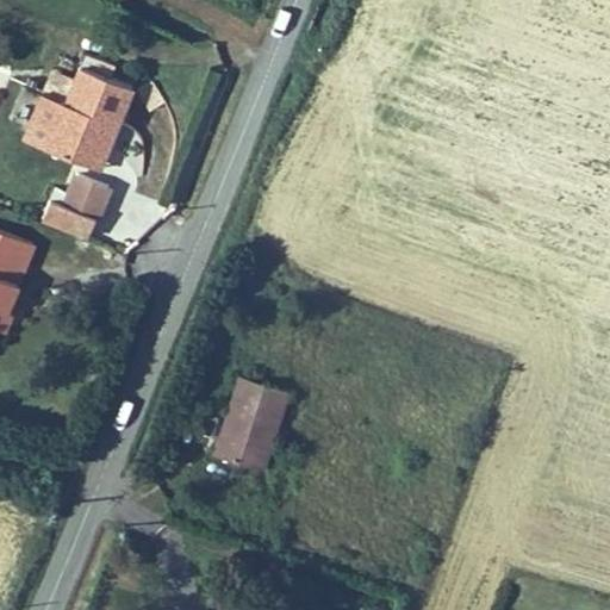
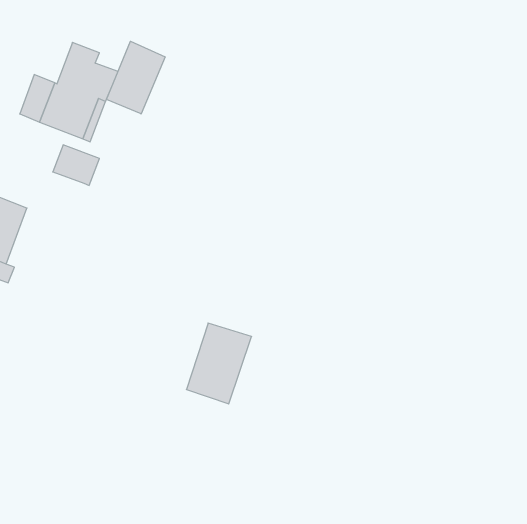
building: none -> [106,41,165,114]
building: [41,199,97,242] -> none

